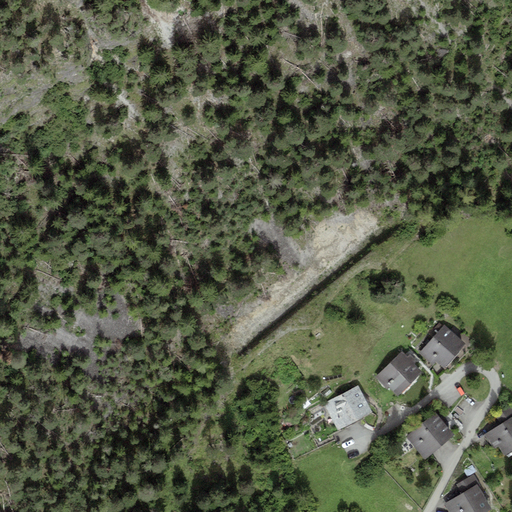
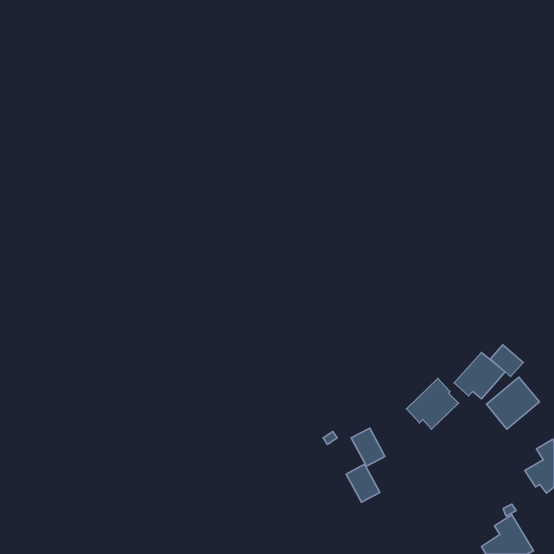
building: none -> [491,345,523,377]
building: [341,386,372,421] -> [346,464,380,502]
building: [405,411,454,459] -> [486,377,540,429]

